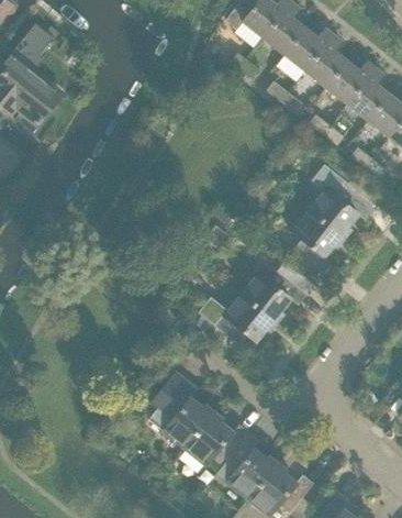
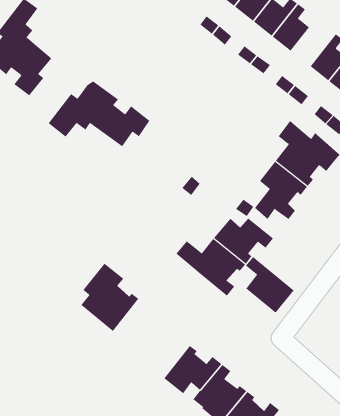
building: [325,60,375,103] -> none
building: none -> [48,81,150,147]
building: none -> [245,256,294,313]
building: [148,372,213,448] -> [80,263,139,332]

